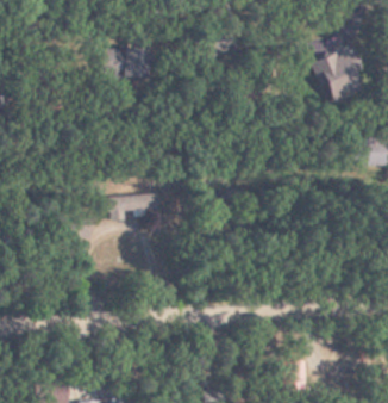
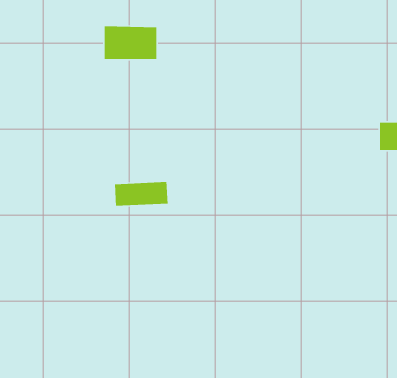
building: [313,50,368,101] -> none

